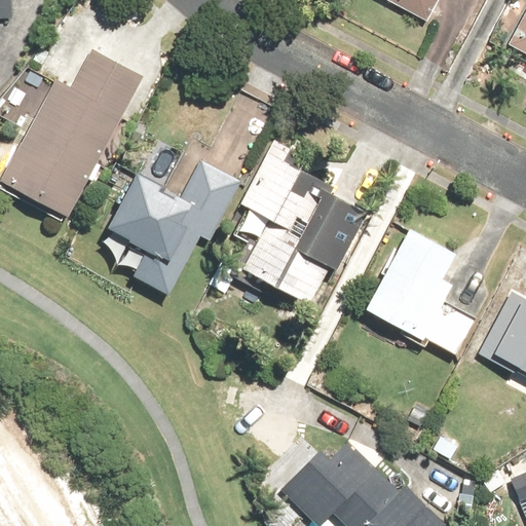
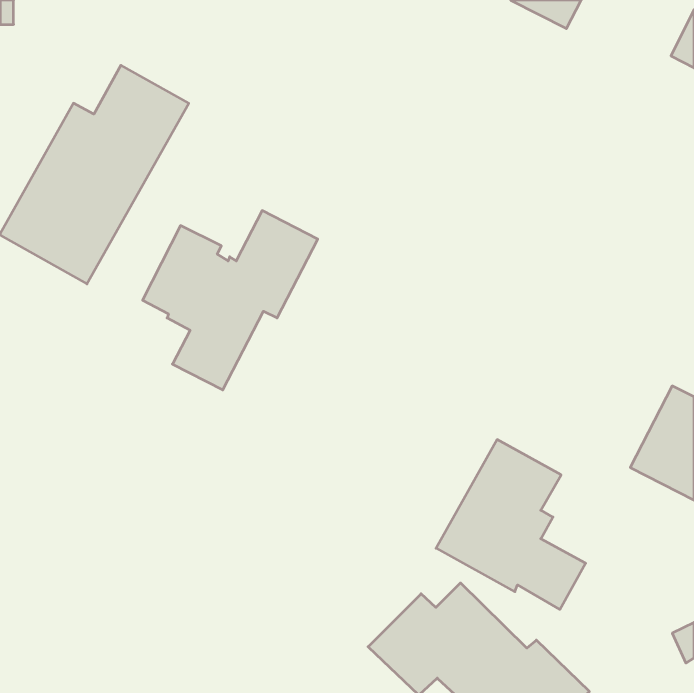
building: [239,140,367,304] -> none
building: [362,227,475,355] -> [436,440,586,609]

